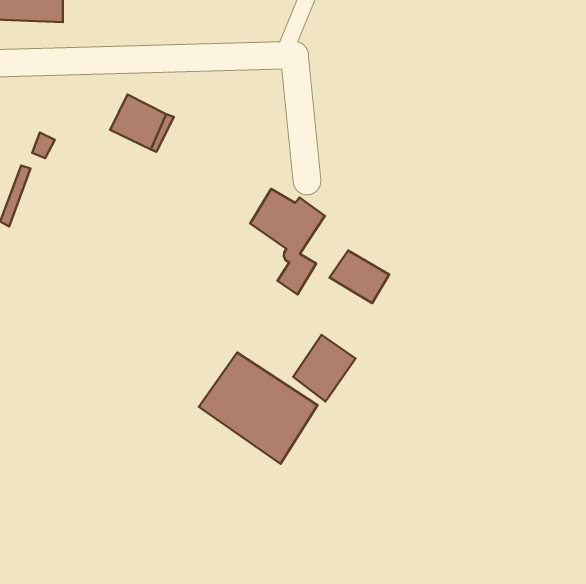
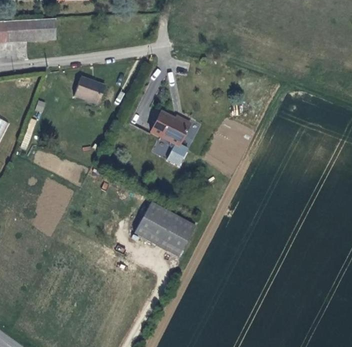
building: [330,250,389,303] -> none
building: [293,335,355,402] -> none

